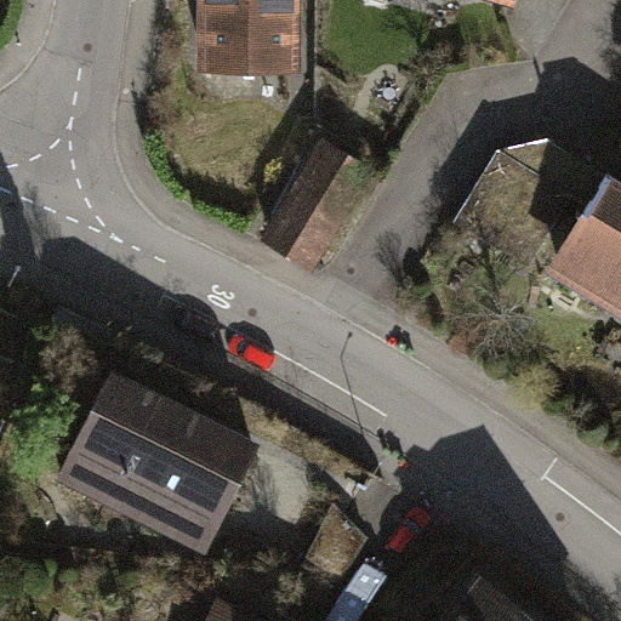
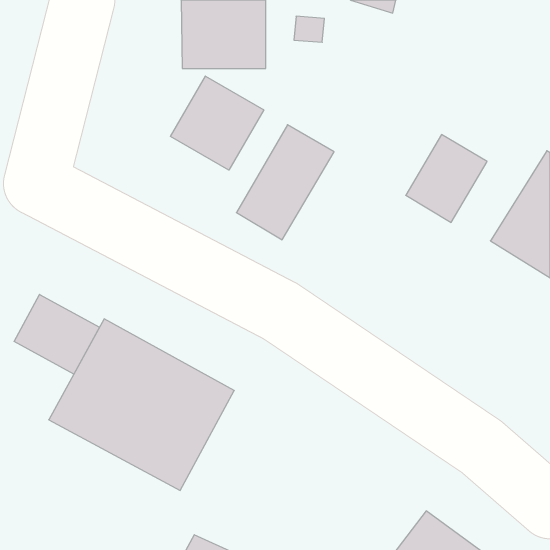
building: none -> [170,76,264,170]
building: none -> [14,294,99,374]

